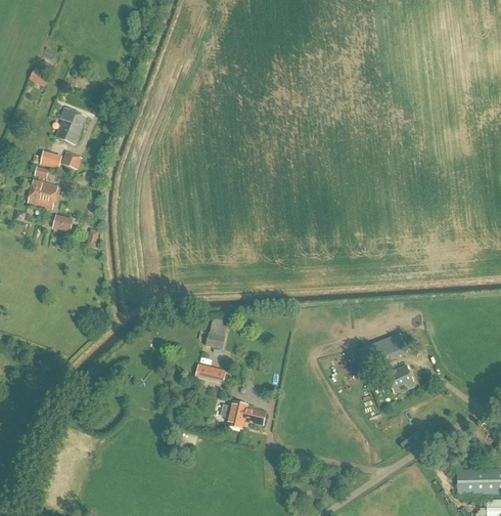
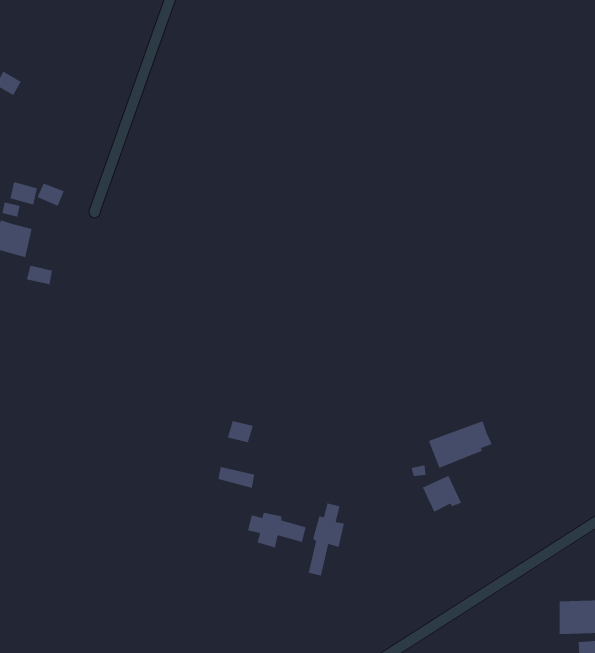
building: [55,107,87,144] -> none
building: [385,364,416,393] -> [422,475,462,513]
building: none -> [308,502,345,577]

